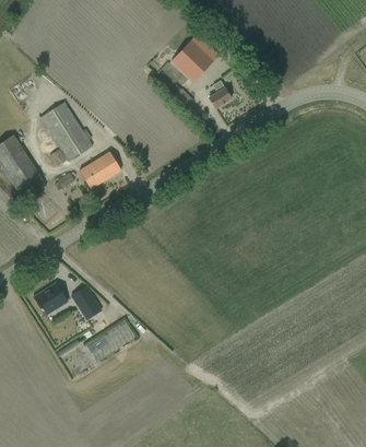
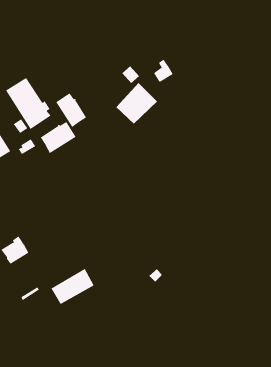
building: [172,33,220,81] -> [116,82,158,124]
building: none -> [55,92,87,128]
building: [72,285,102,319] -> none

